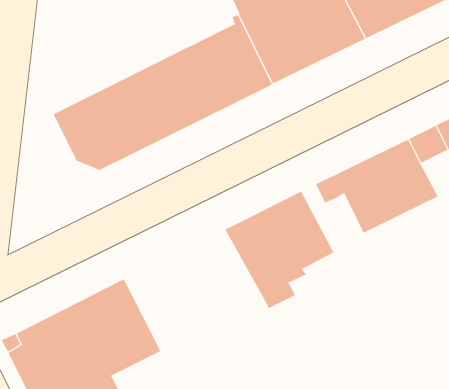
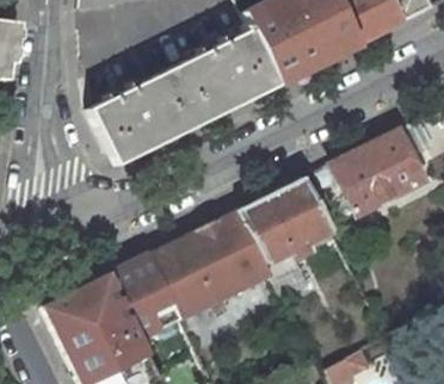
building: none -> [149,211,271,317]

